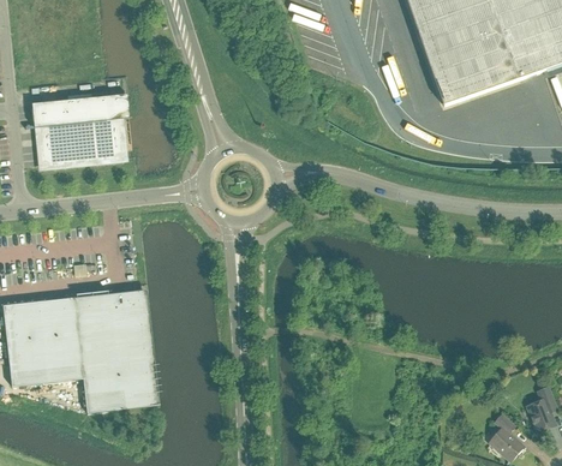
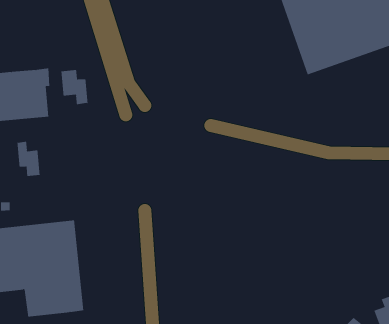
building: none -> [61,69,88,105]
building: none -> [17,141,40,177]

